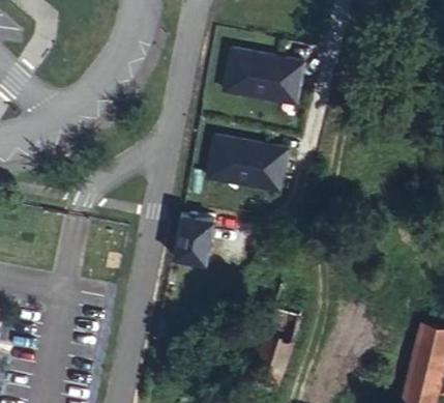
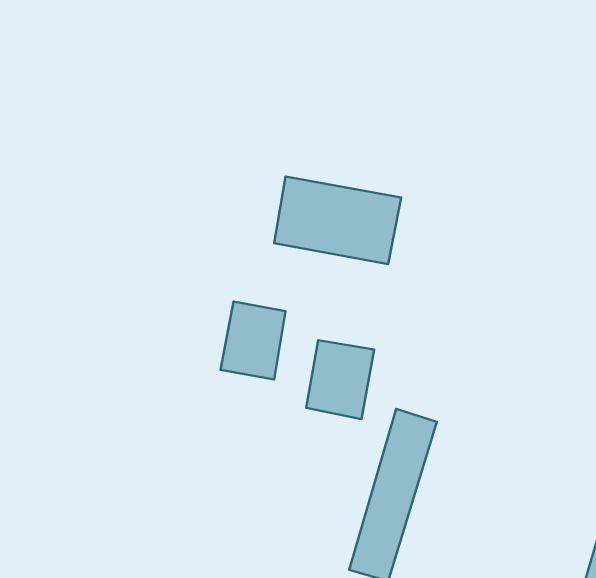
building: [221,47,302,103] -> none
building: none -> [306,340,374,419]

